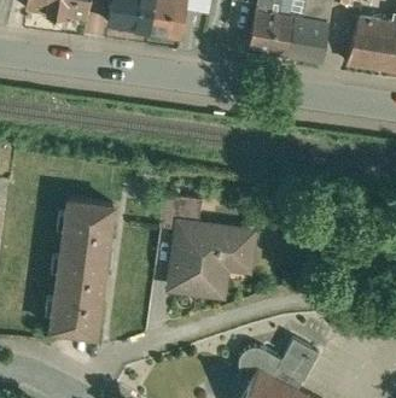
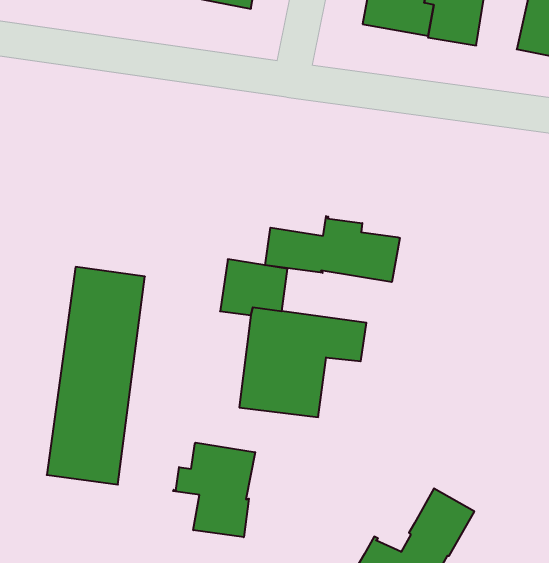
building: none -> [265,216,400,282]
building: none -> [173,443,255,537]
building: [238,346,281,379] -> none

